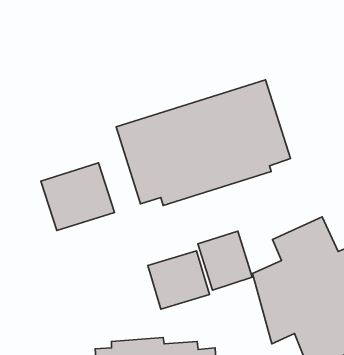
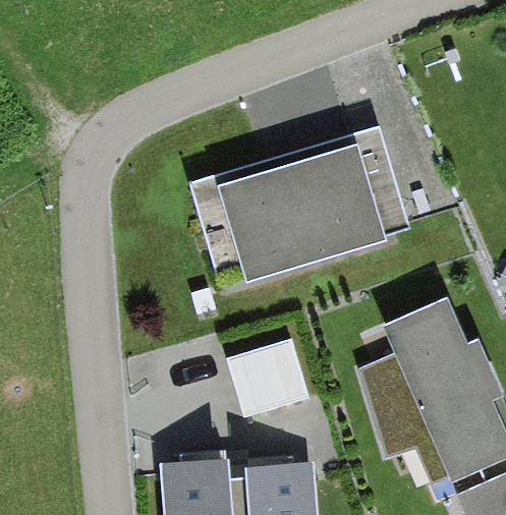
building: [41,163,114,231] -> none
building: [198,231,252,290] -> none

